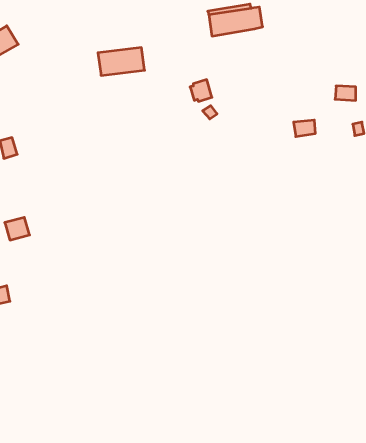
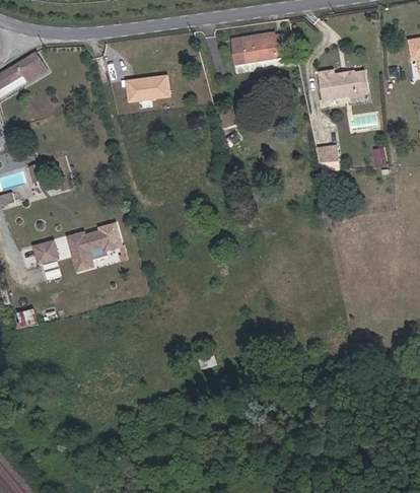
building: none -> [318,69,366,98]
building: none -> [67,224,120,271]

